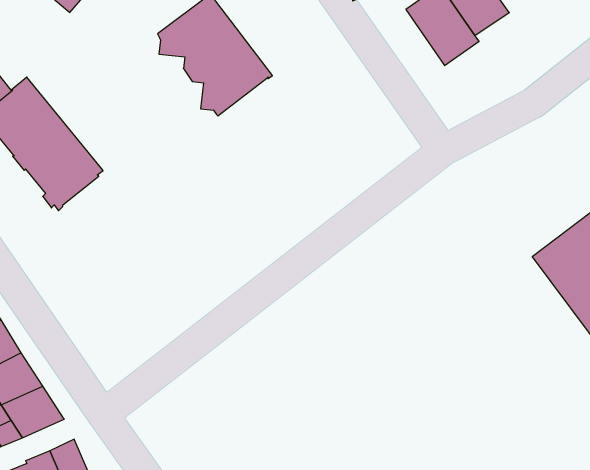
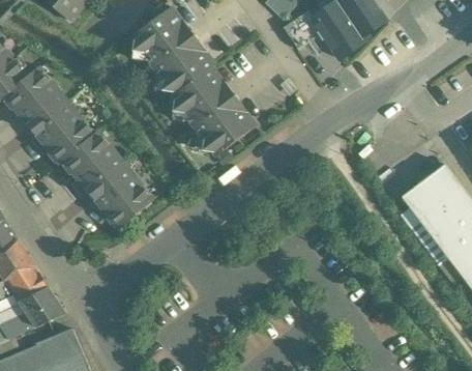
building: none -> [171,67,255,155]
building: none -> [63,132,152,228]

